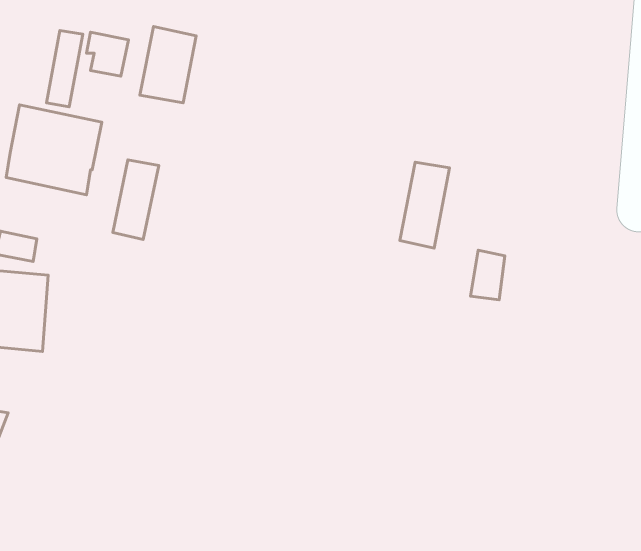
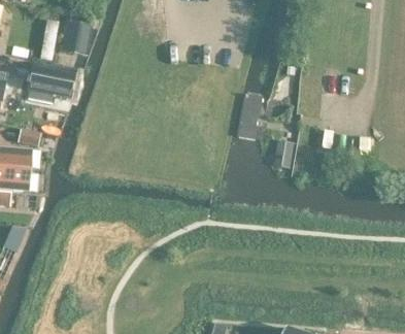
building: [140,27,196,103] -> none
building: [113,160,159,239] -> none

